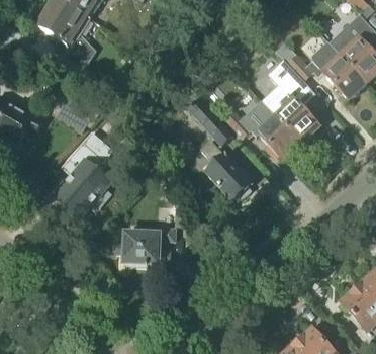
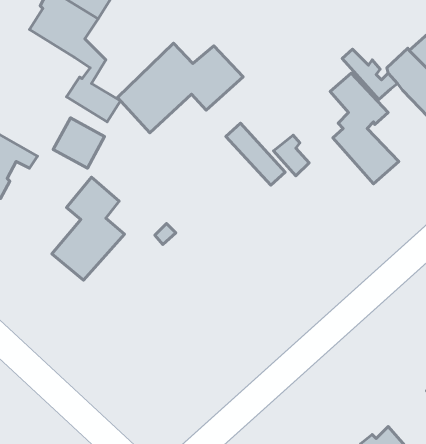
building: none -> [117,43,243,133]
building: [259,108,301,162] -> none
building: [200,139,252,201] -> none
building: [116,227,175,265] -> none

